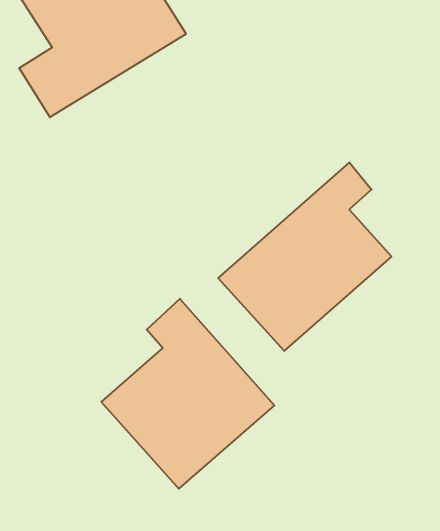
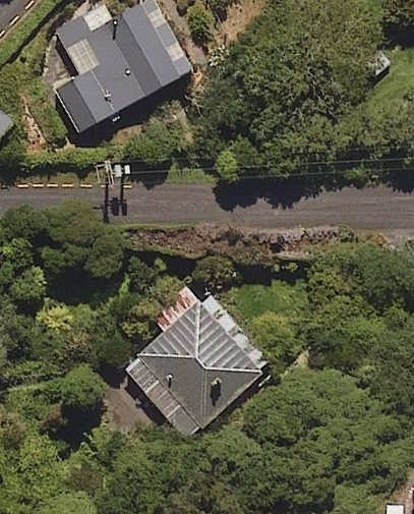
building: [218,162,391,351] -> none

